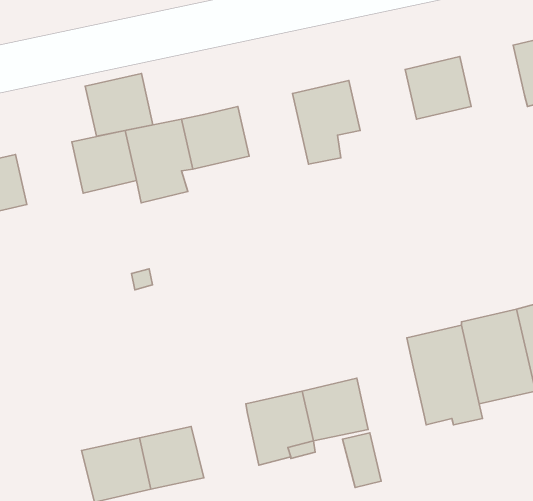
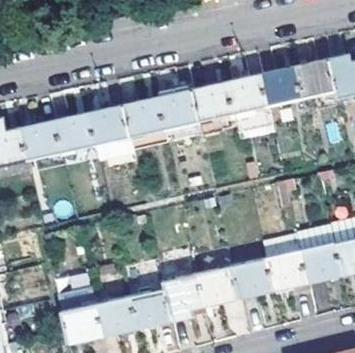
building: none -> [294,60,334,98]
building: none -> [225,75,272,134]
building: [85,73,153,136] -> [18,120,60,159]
building: none -> [156,90,197,129]
building: none -> [230,260,272,299]
building: none -> [127,289,169,329]

